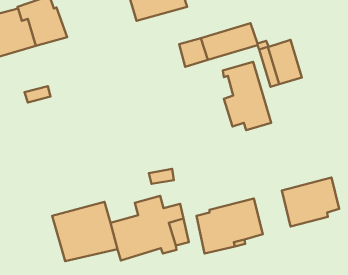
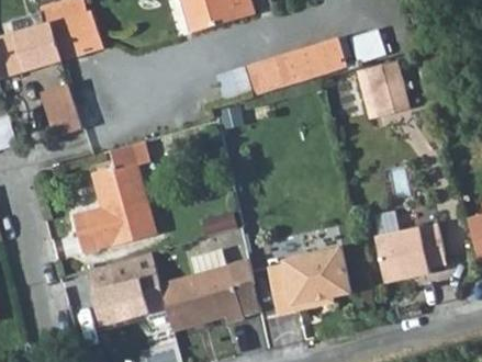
building: none -> [41,80,79,118]
building: [223,62,271,130] -> none
building: none -> [72,135,155,247]

